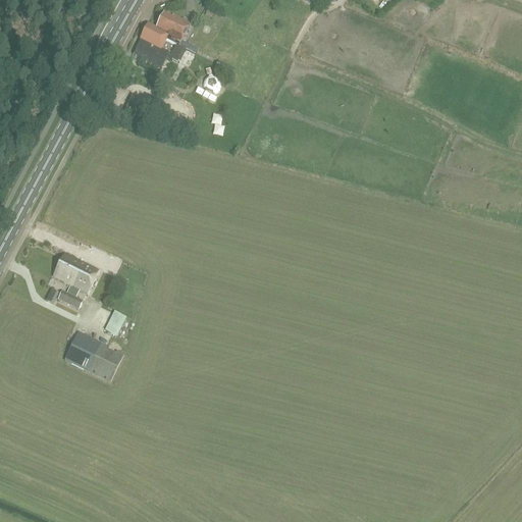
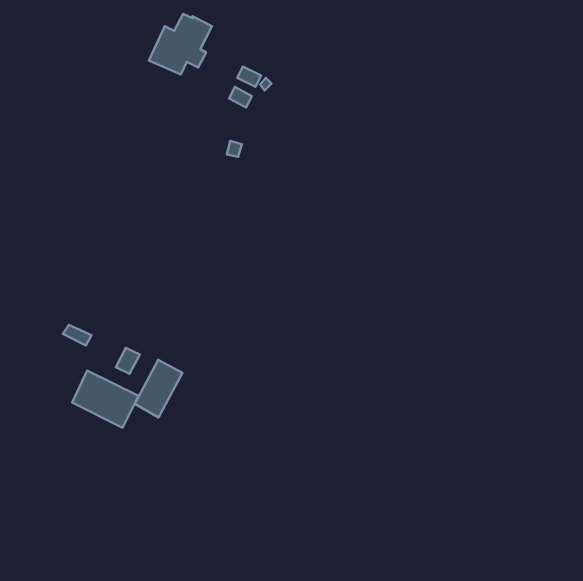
building: [52,253,96,291] -> none
building: none -> [135,360,183,417]

